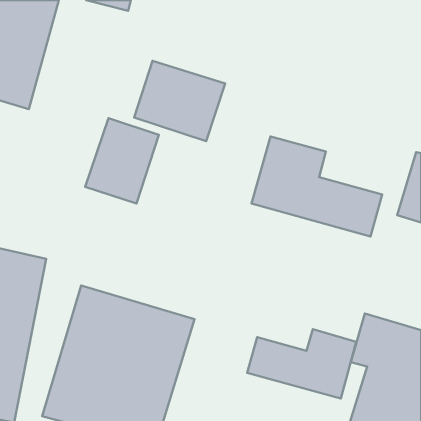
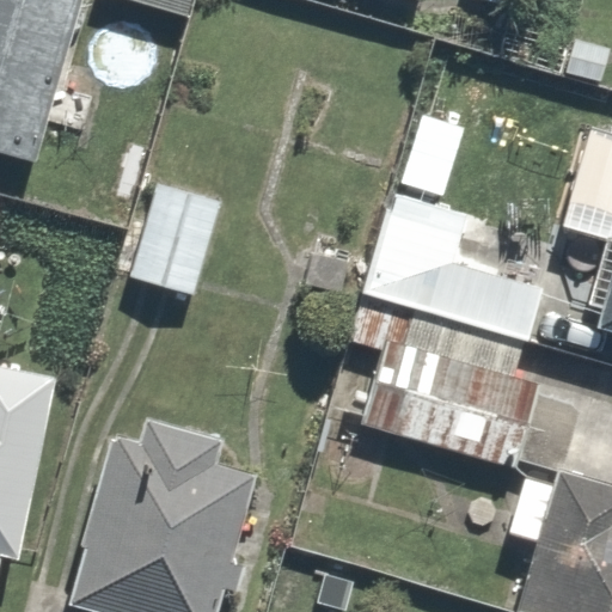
building: [134,61,225,141] -> none
building: none -> [350,296,536,461]
building: [247,329,356,399] -> none

